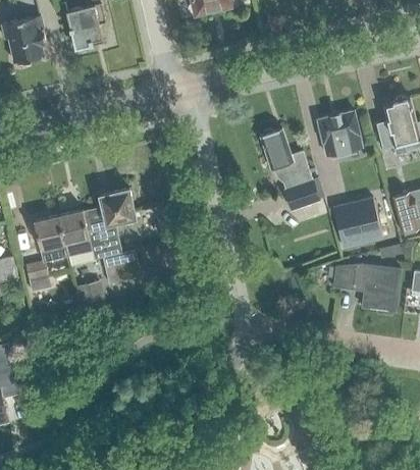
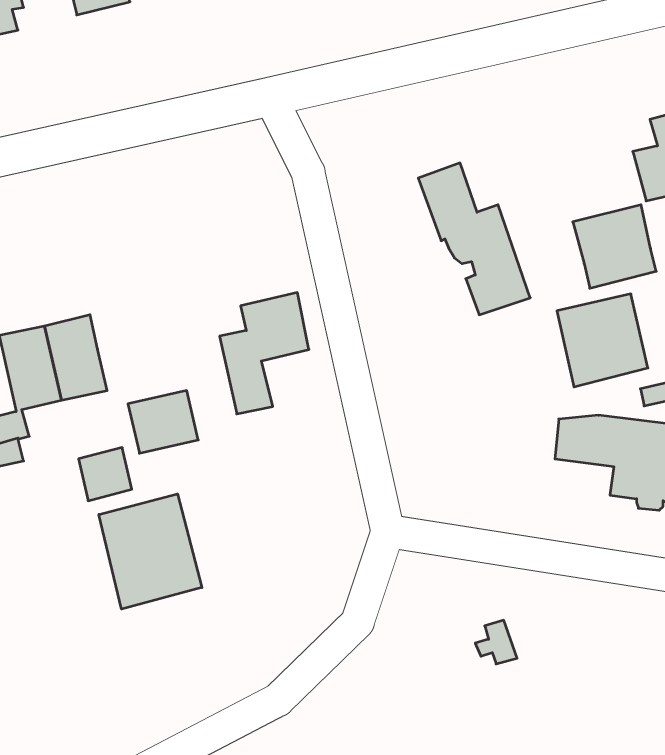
building: [317,111,362,156] -> [573,205,656,288]
building: [88,189,136,254] -> [220,293,309,414]
building: none -> [99,494,202,609]

